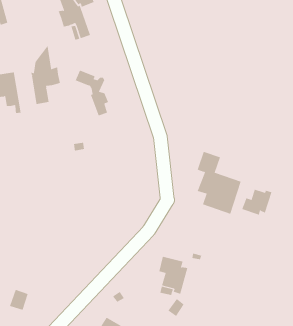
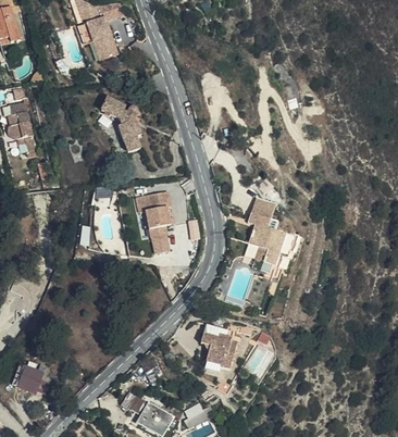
building: [31,45,61,105] -> none
building: none -> [135,187,172,252]
building: [242,189,272,216] -> none

